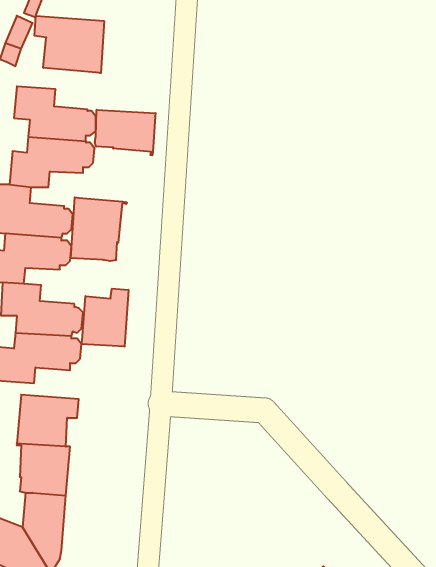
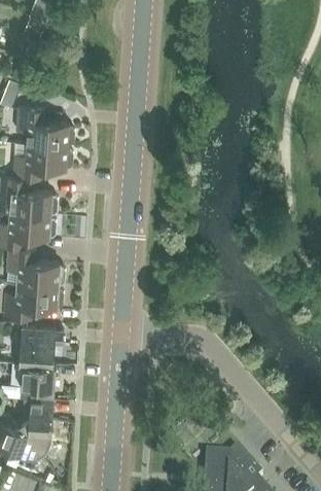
building: [35,16,104,73] -> none
building: [95,110,156,155] -> none
building: [71,197,127,261] -> none
building: [82,289,128,347] -> none

